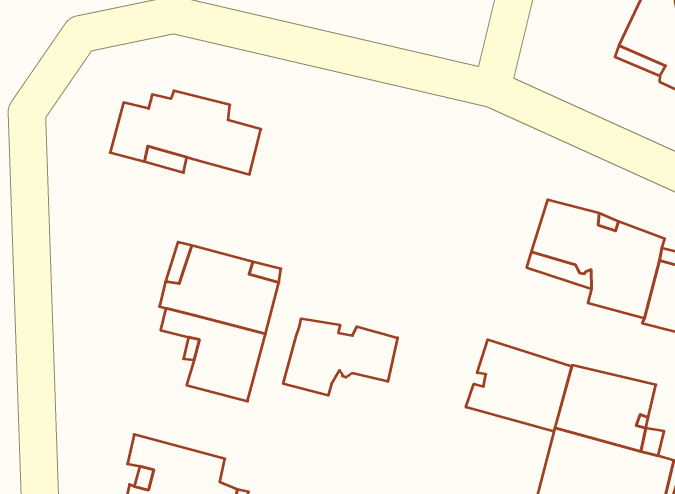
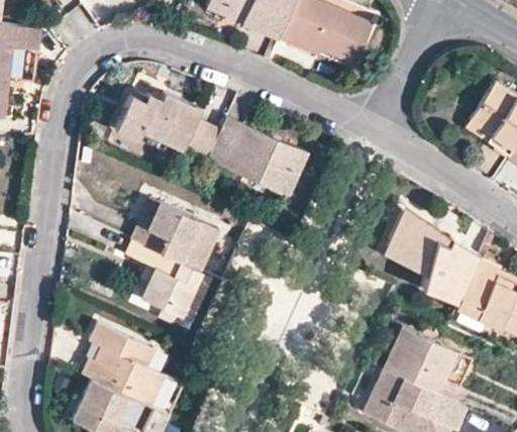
building: none -> [207,119,305,197]
building: [283,319,398,395] -> none
building: [466,340,572,431] -> none

